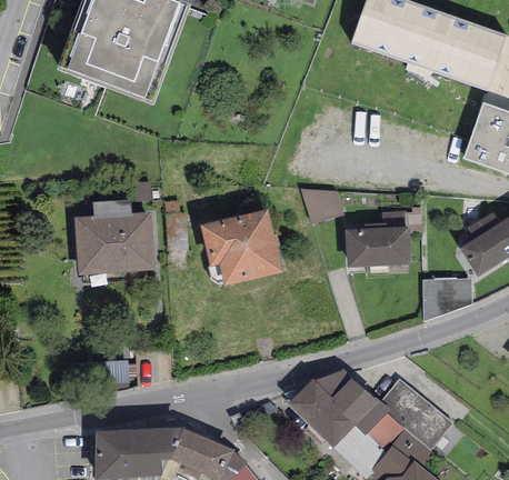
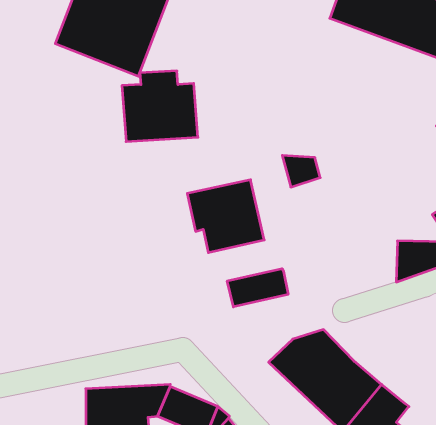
building: [73,200,153,274] -> [122,71,198,142]
building: [346,227,410,267] -> none
building: none -> [227,269,288,307]
building: [377,376,452,447] -> none

